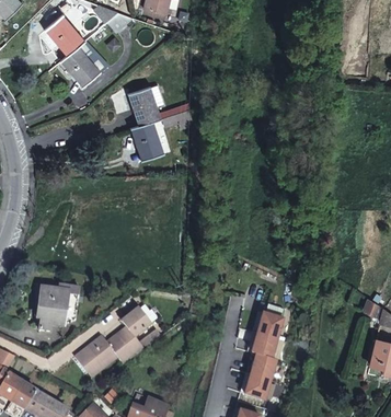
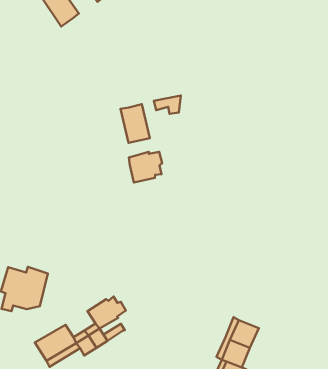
building: [59,44,97,84] -> none
building: [127,83,158,123] -> none
building: none -> [129,152,162,183]

